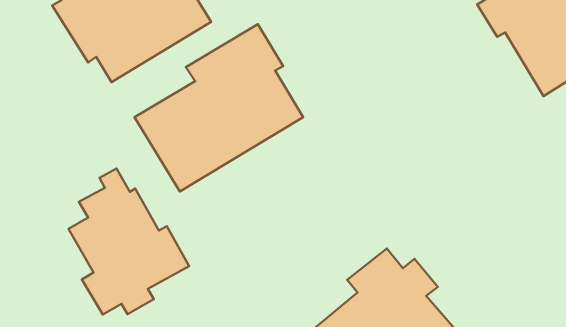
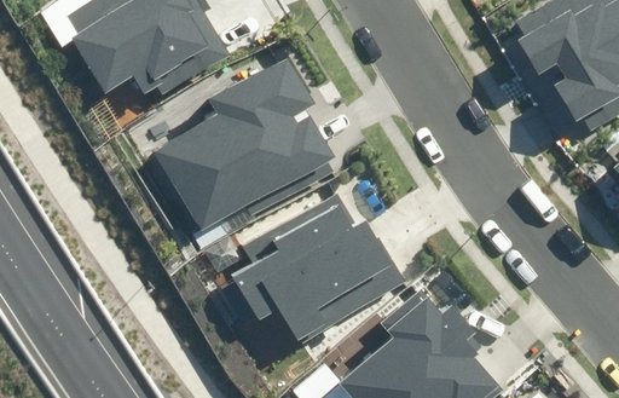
building: none -> [230,197,405,346]
building: [69,168,189,315] -> none

